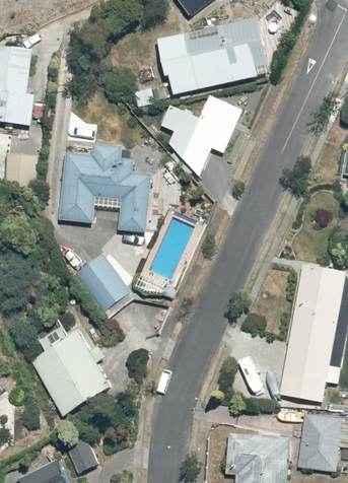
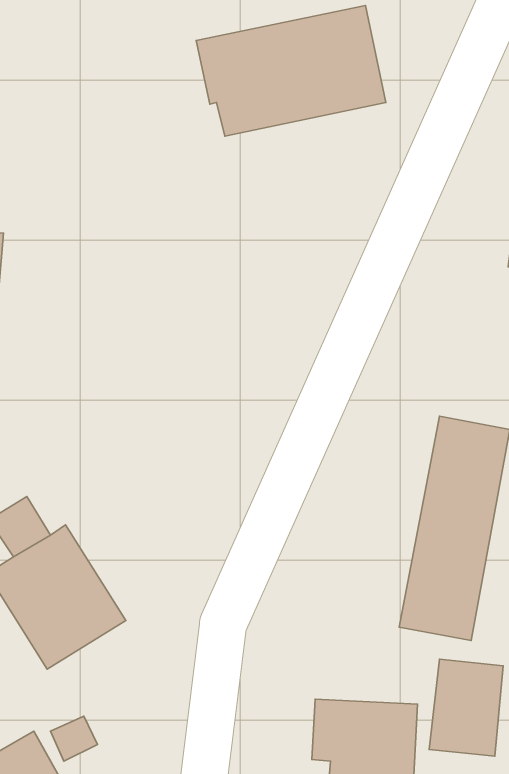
building: [160,93,243,176] -> none
building: [60,142,150,230] -> none
building: [72,257,128,315] -> none

